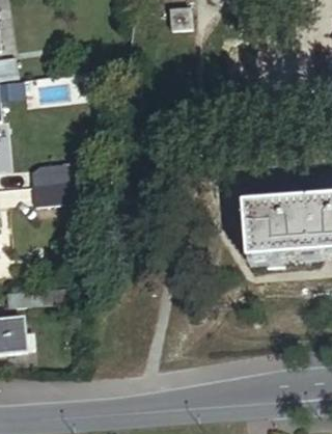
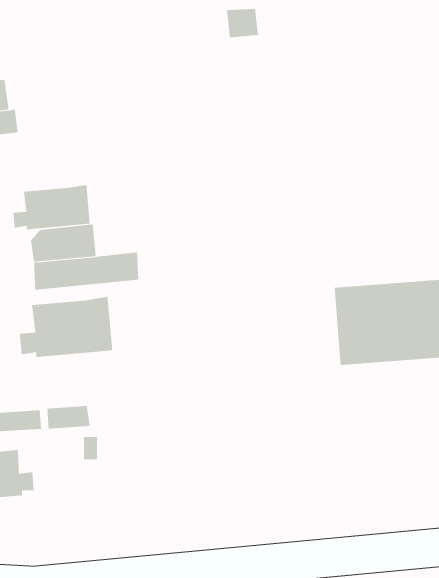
building: none -> [13,184,90,230]
building: none -> [19,296,113,358]

